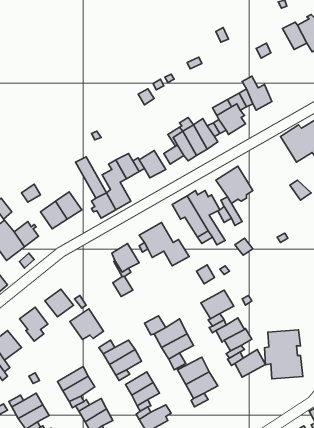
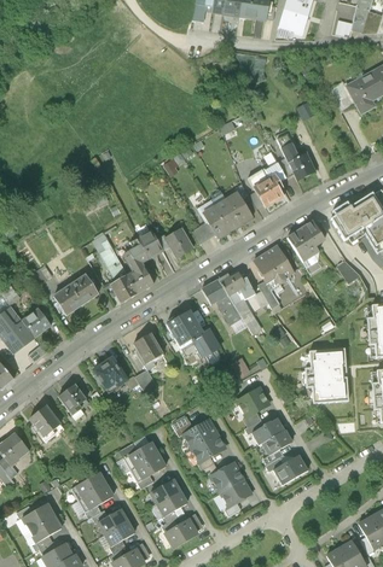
building: none -> [286,218,326,262]
building: [70,309,104,340] -> [91,355,129,390]
building: [265,330,303,379] -> [304,346,348,402]

